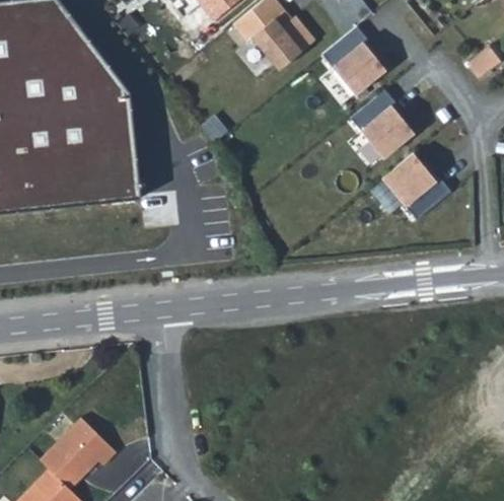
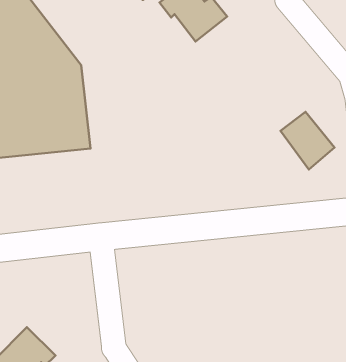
building: [322,29,387,99] -> none
building: [349,93,415,163] -> none

